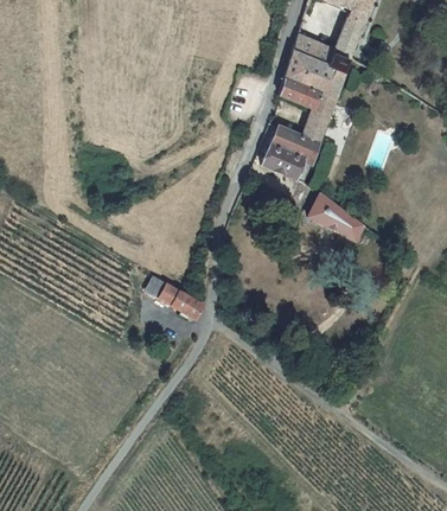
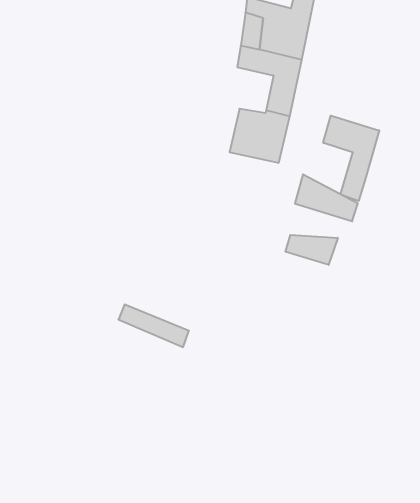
building: none -> [323,116,379,201]
building: none -> [285,235,338,265]

